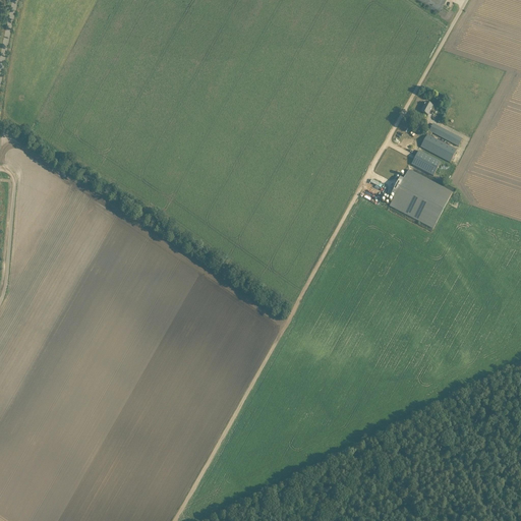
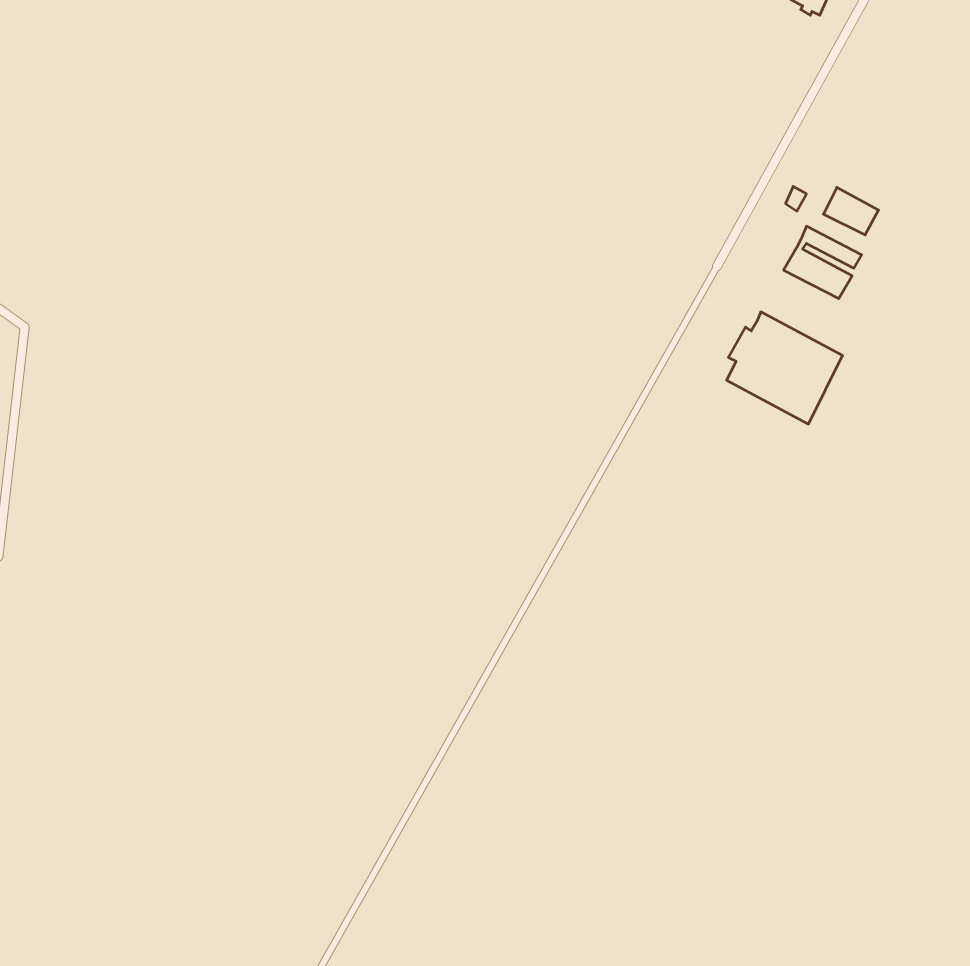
building: [410,148,440,173] -> [823,187,879,235]

